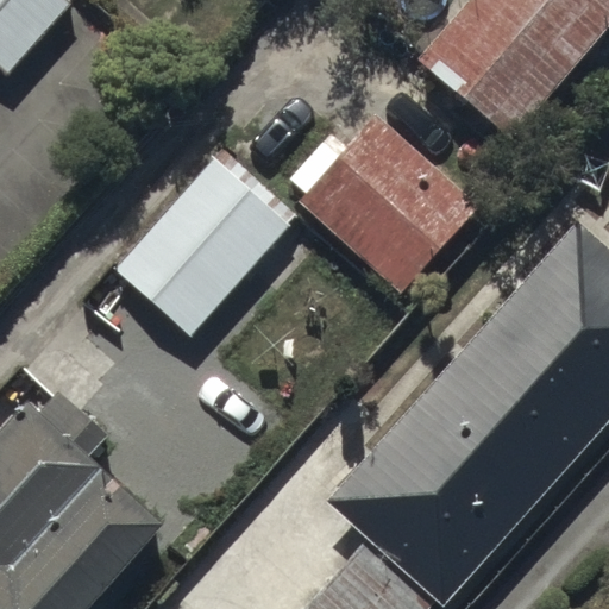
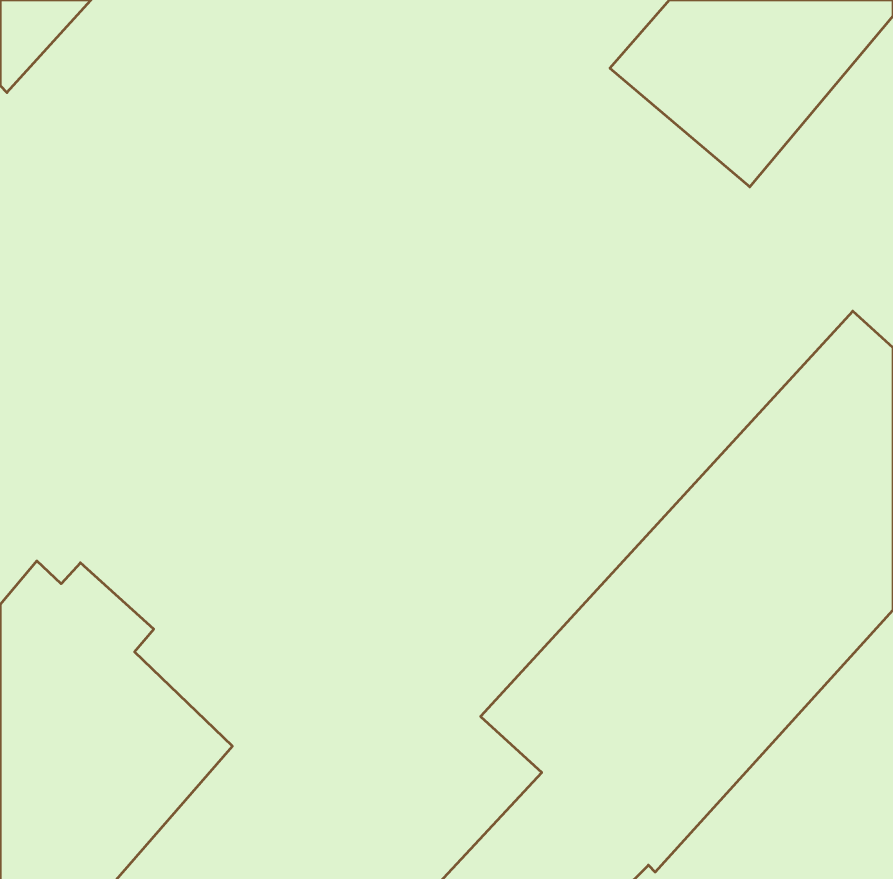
building: [291,113,481,294] -> none
building: [113,150,299,339] -> none

